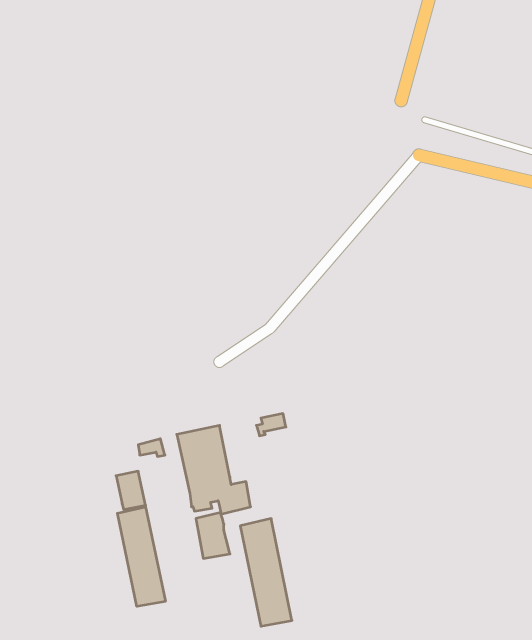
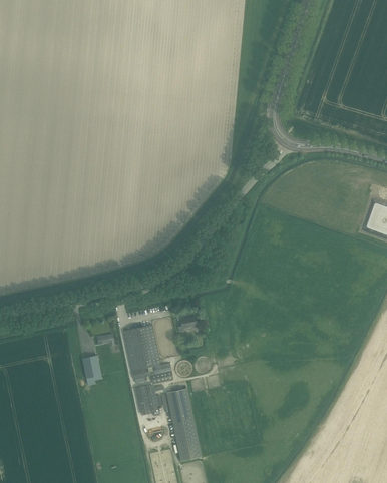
building: [117,507,165,606] -> none

